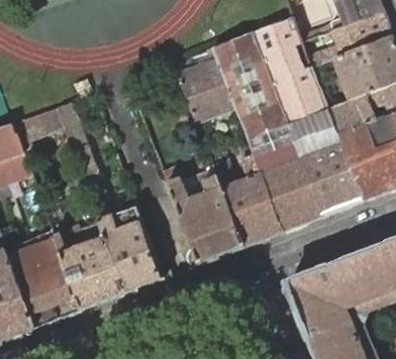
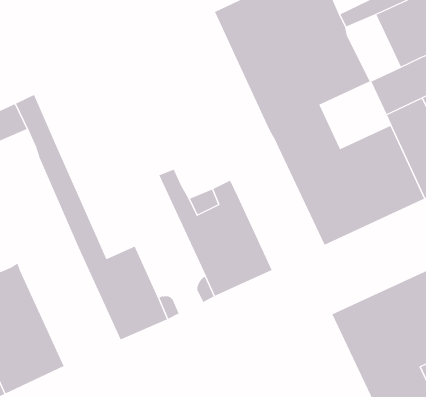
building: [173,47,235,122] -> none
building: [288,108,340,157] -> none
building: [212,153,284,246] -> none
building: [49,220,124,309] -> none

